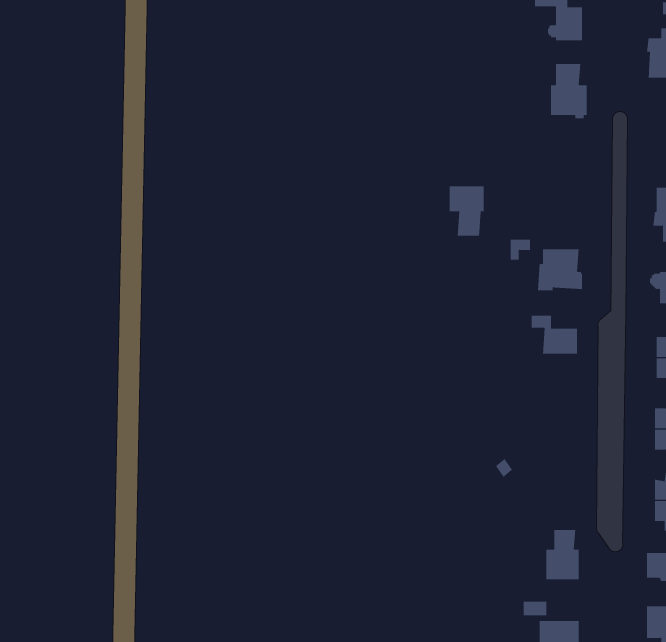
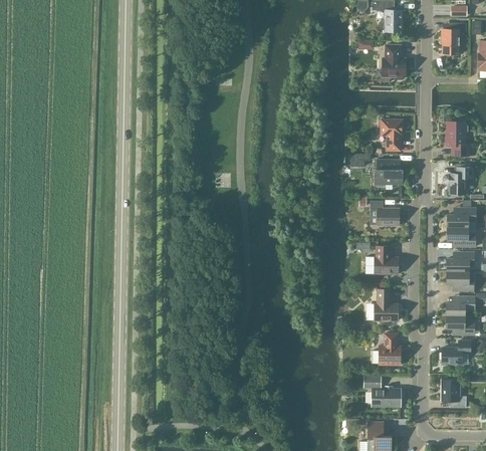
building: [449,186,485,236] -> [381,120,403,151]
building: none -> [374,246,398,274]
building: none -> [374,289,398,320]

